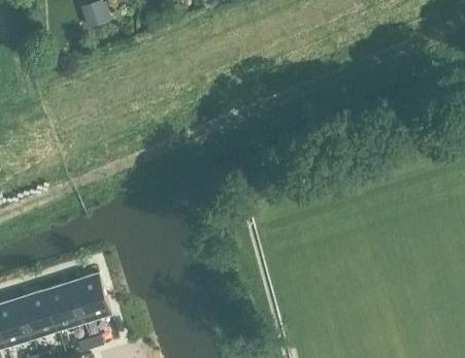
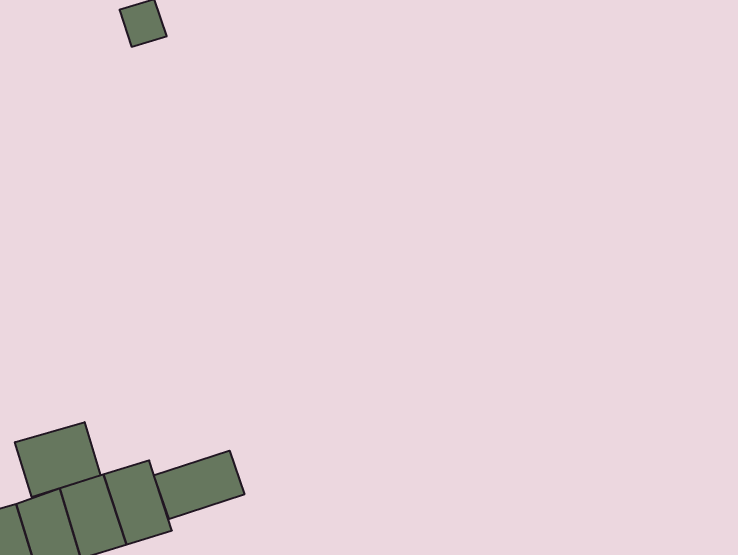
building: none -> [15,422,100,497]
building: none -> [154,451,244,519]

